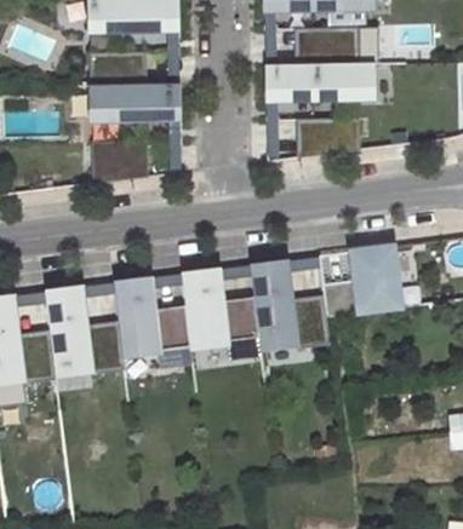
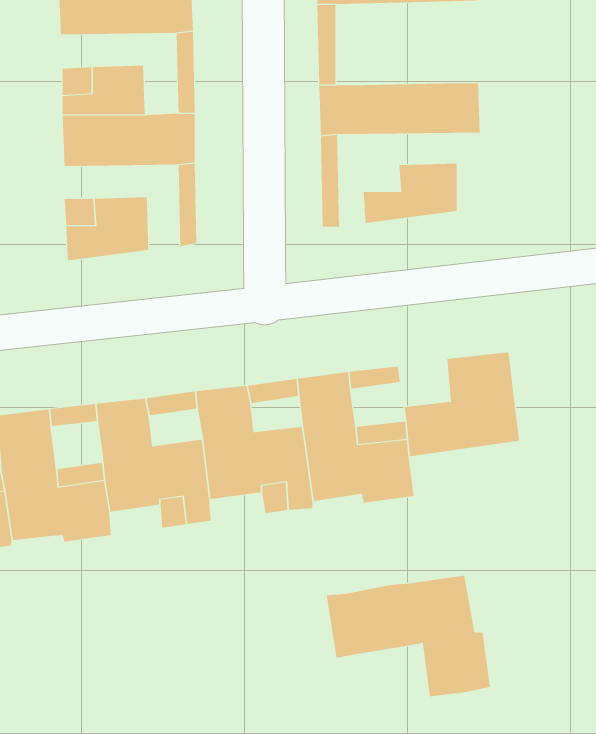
building: [295,28,359,65] -> none
building: none -> [326,575,491,697]

